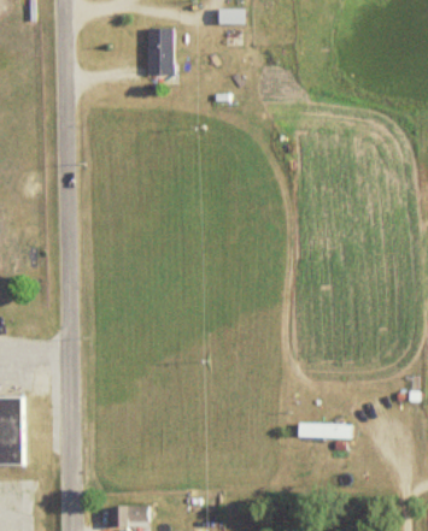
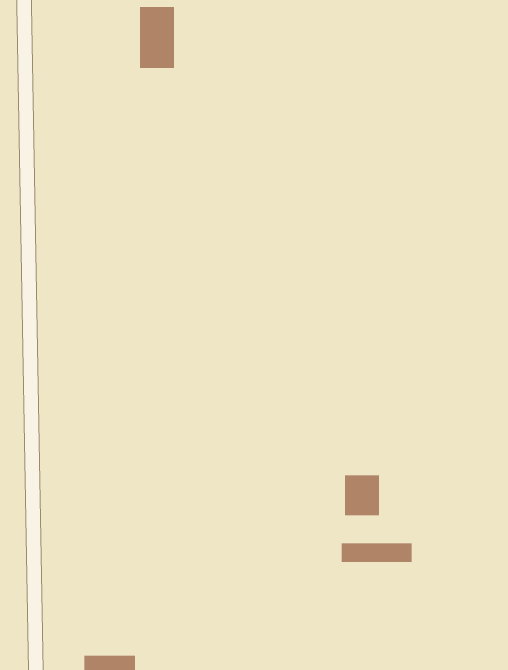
building: none -> [345,474,380,516]

